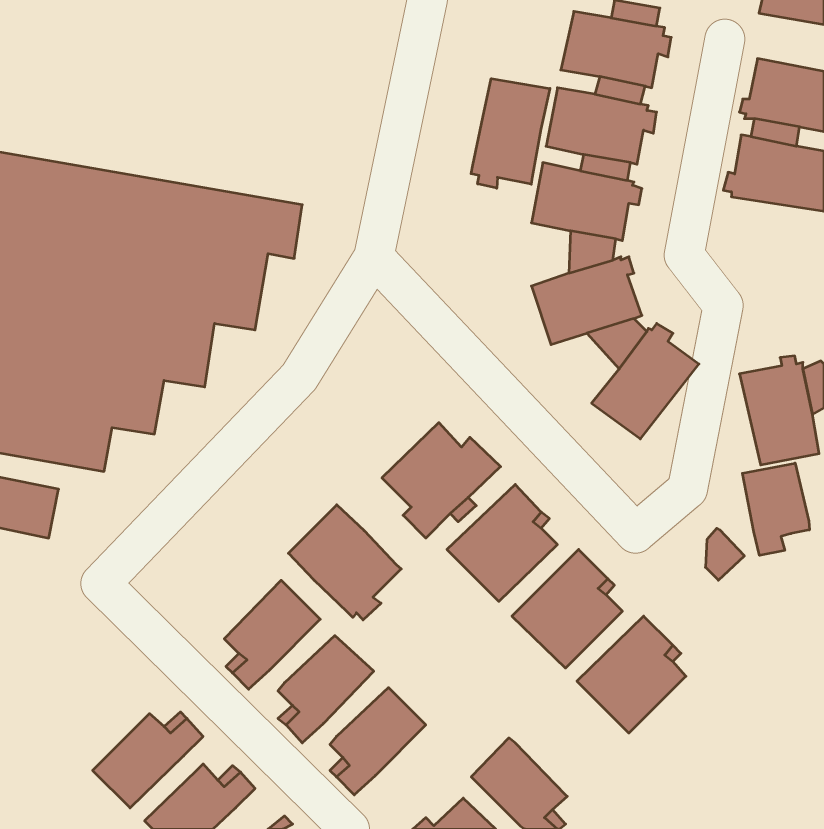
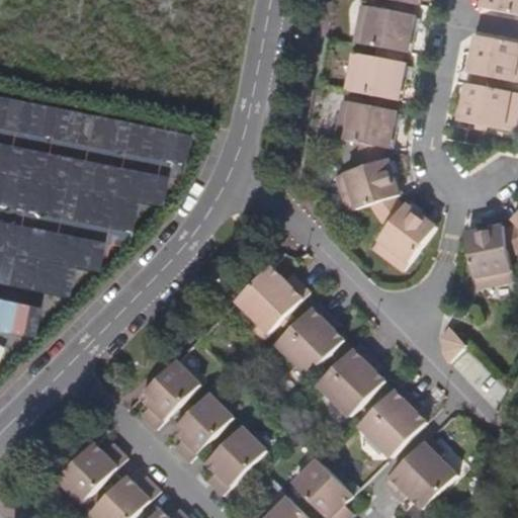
building: [471,79,550,188] -> none
building: [742,463,809,555] -> none
building: [288,505,401,620] -> none
building: none -> [383,436,456,509]

